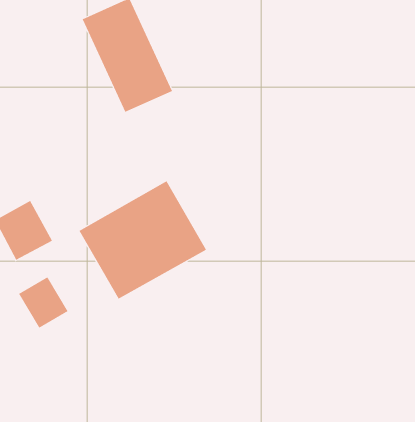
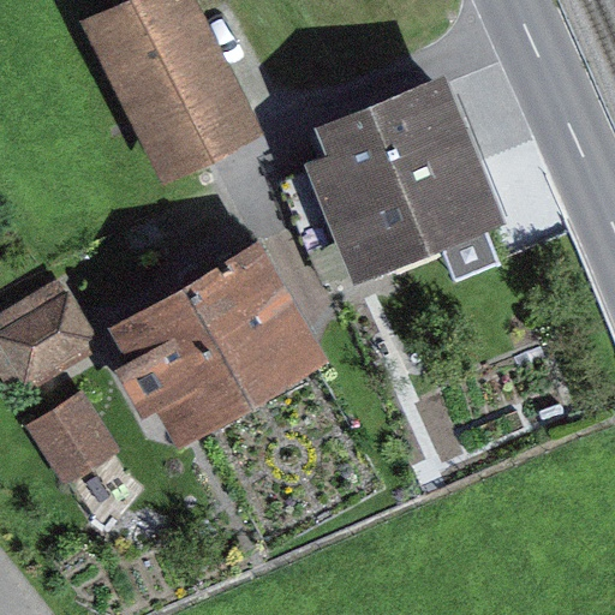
building: none -> [335,98,501,263]

